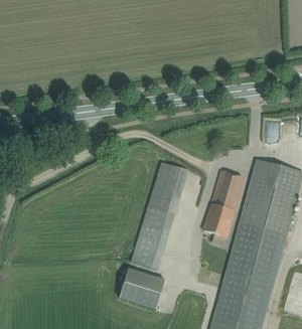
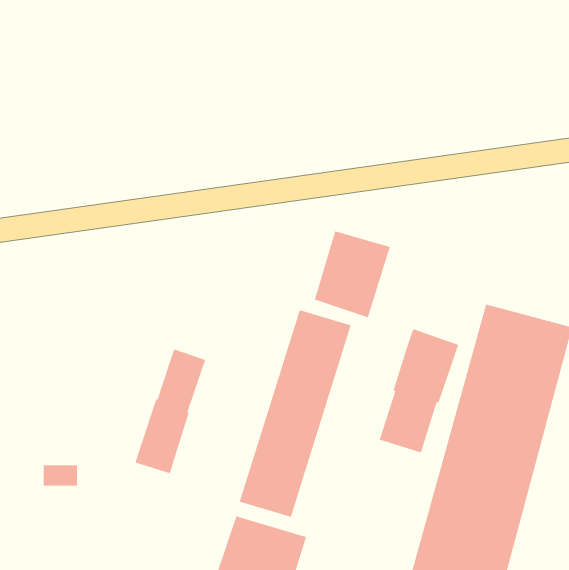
building: none -> [314,231,390,318]
building: none -> [134,348,206,478]

